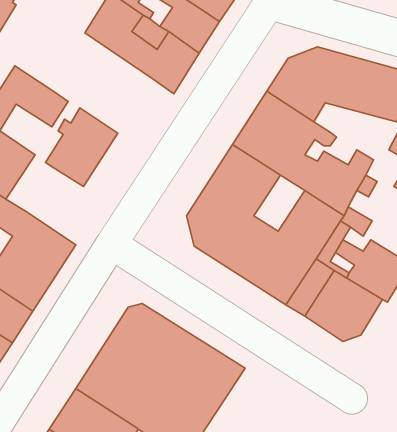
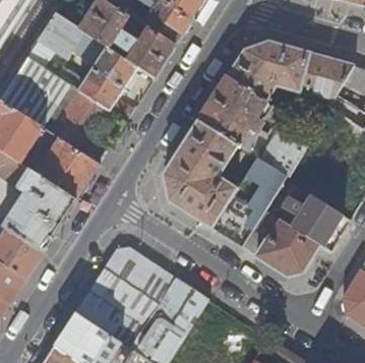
building: none -> [38,11,136,121]
building: none -> [35,137,98,199]

